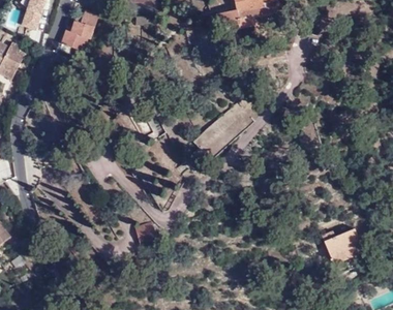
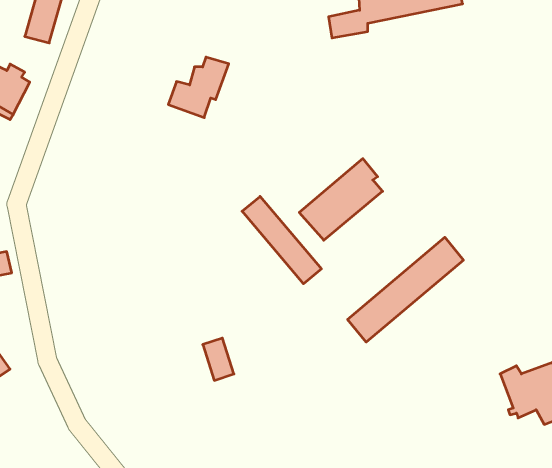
building: [60,10,98,49] -> [168,57,229,118]
building: none -> [242,196,321,284]
building: none -> [348,237,463,342]

